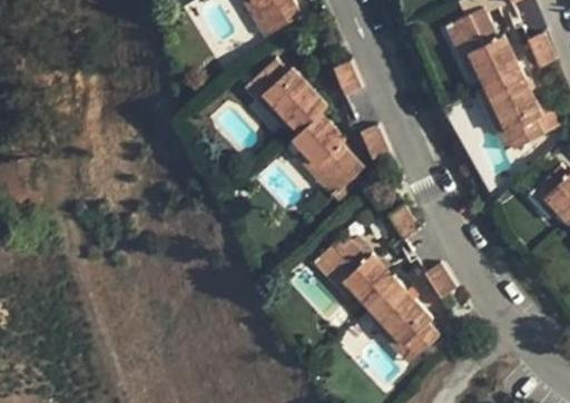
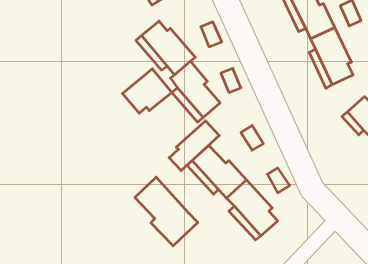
building: none -> [122,69,172,113]
building: none -> [169,121,219,171]
building: none -> [135,177,198,246]

